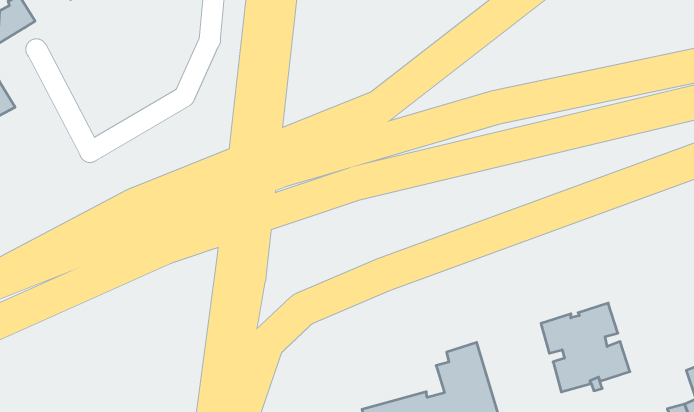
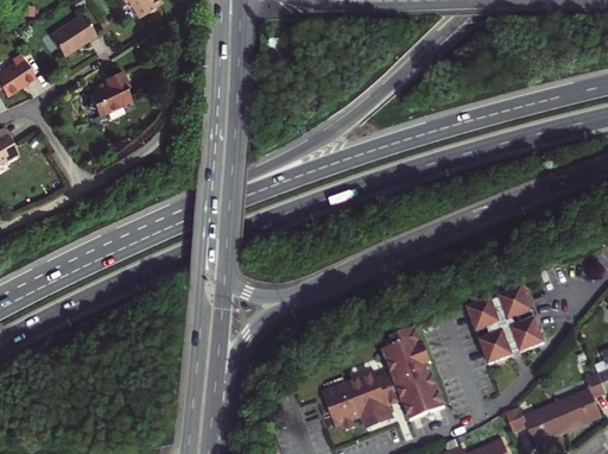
building: none -> [89,72,133,119]

